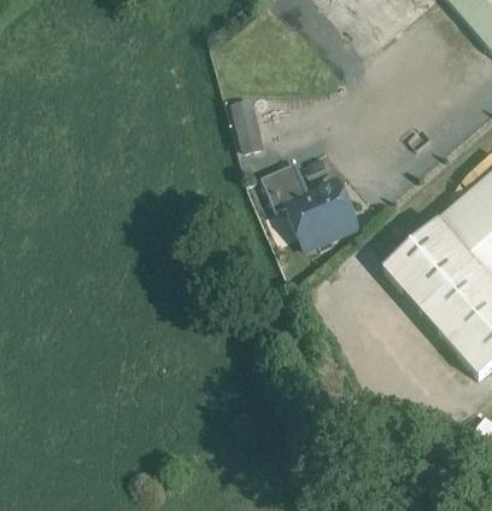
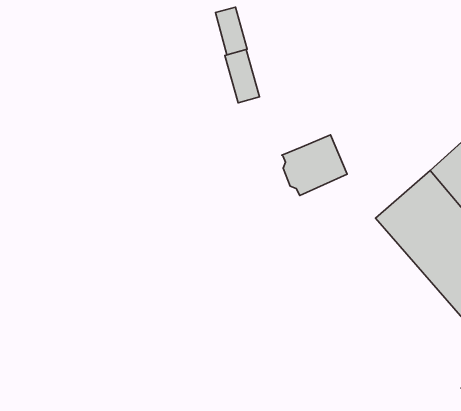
building: none -> [215,7,247,55]
building: [264,162,310,209] -> none

